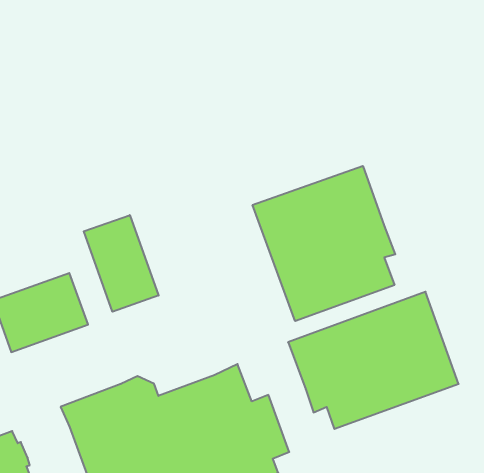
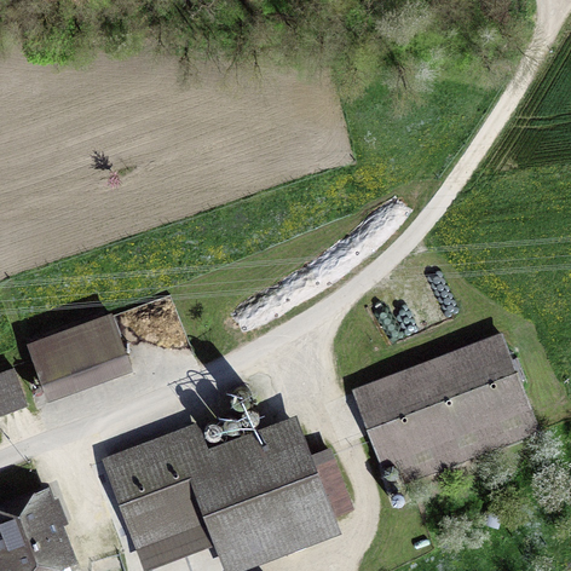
building: [253,166,395,321] -> none
building: [84,215,159,312] -> none

